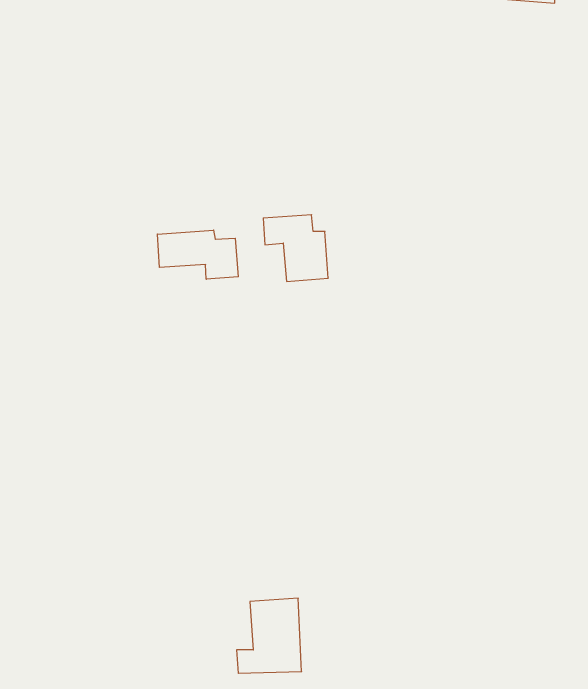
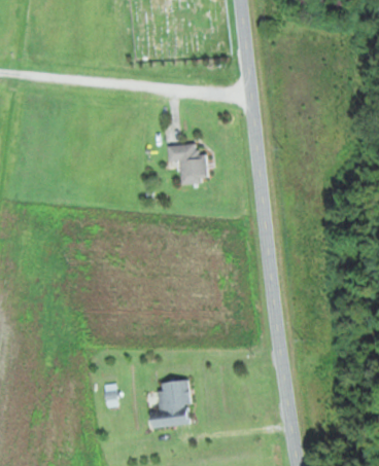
building: [157,230,238,279] -> none

